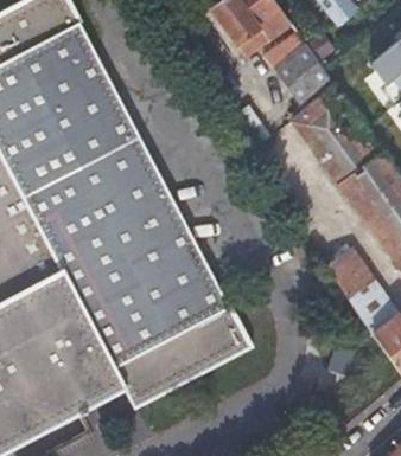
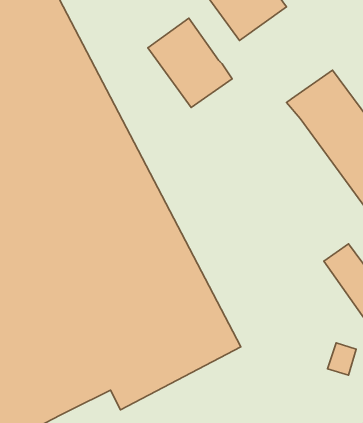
building: [254,27,335,113] -> [148,18,232,107]

